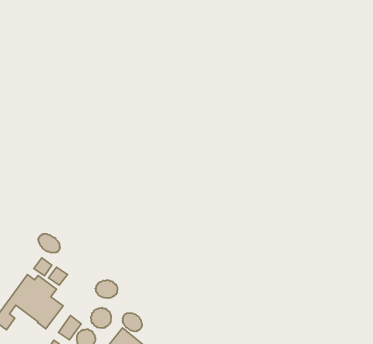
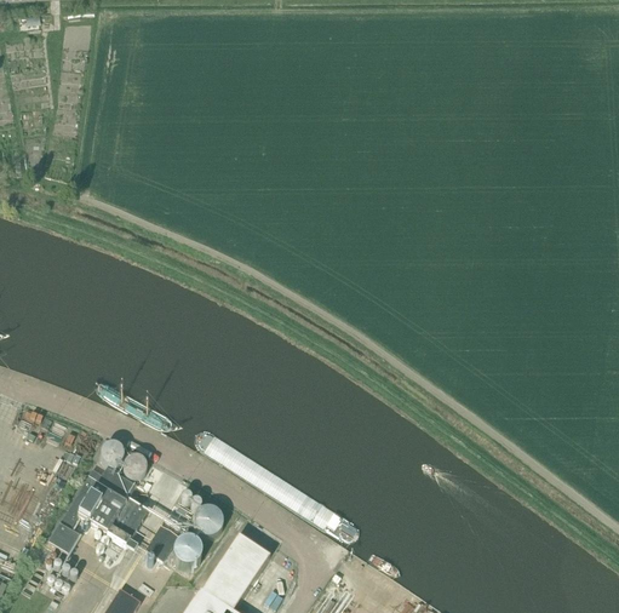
building: [38,234,60,253] -> none
building: [95,280,118,298] -> none
building: [123,313,142,331] -> none

